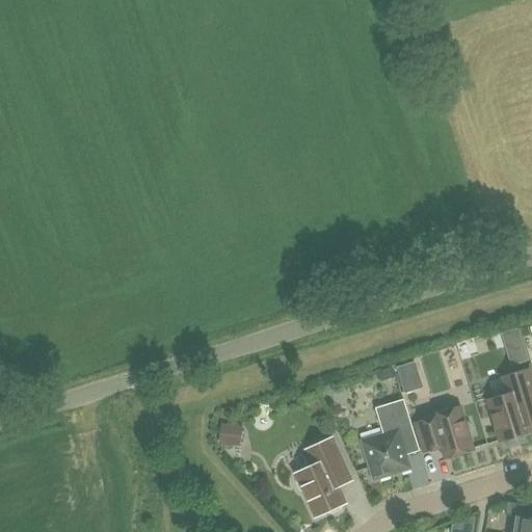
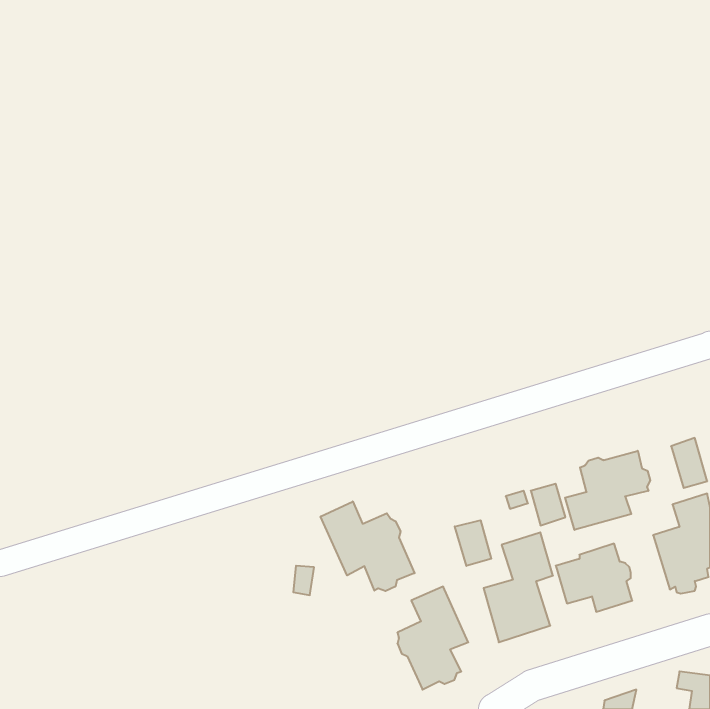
building: none -> [565,451,650,530]
building: none -> [321,501,415,591]
building: none -> [455,520,491,566]

